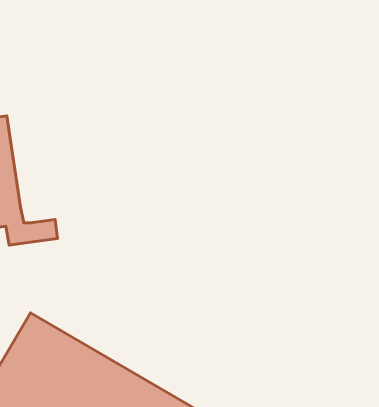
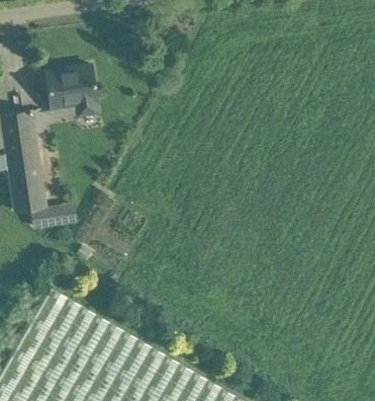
building: none -> [45,65,99,117]

